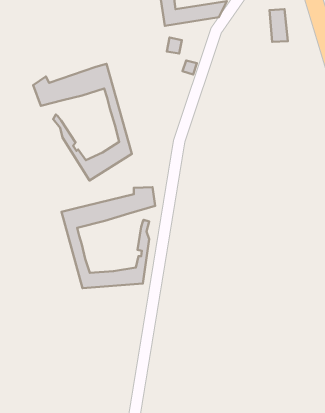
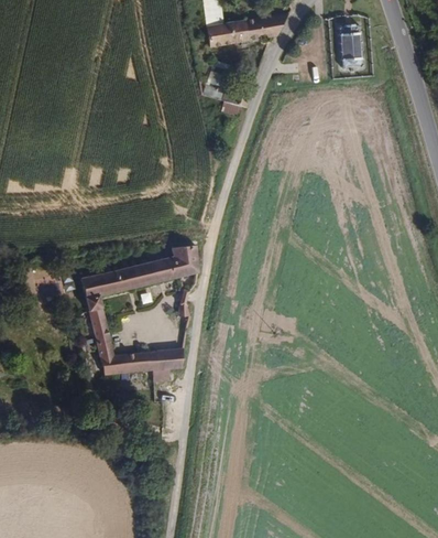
building: [33,64,132,180] -> none

